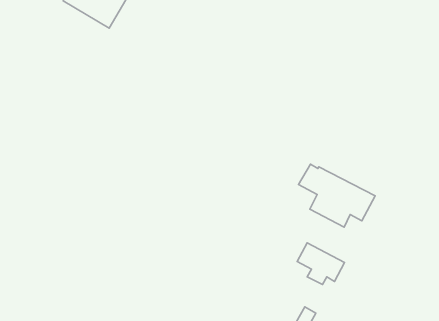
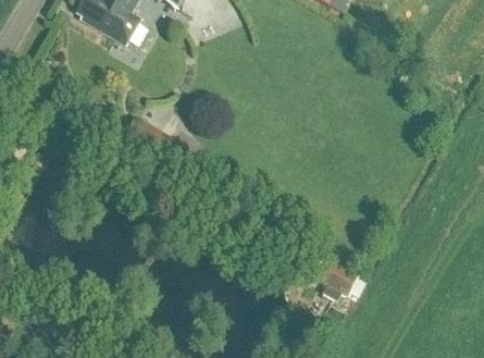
building: [299,164,375,227] -> none

